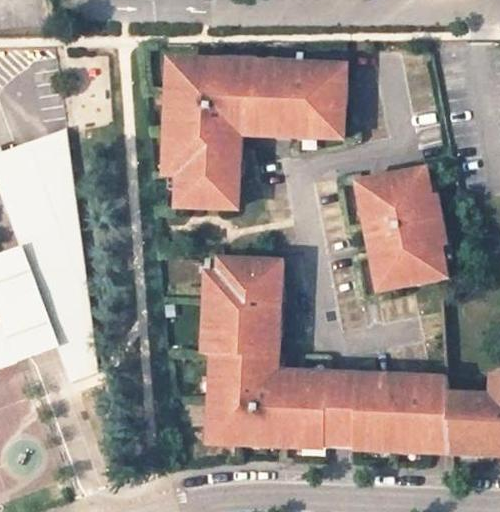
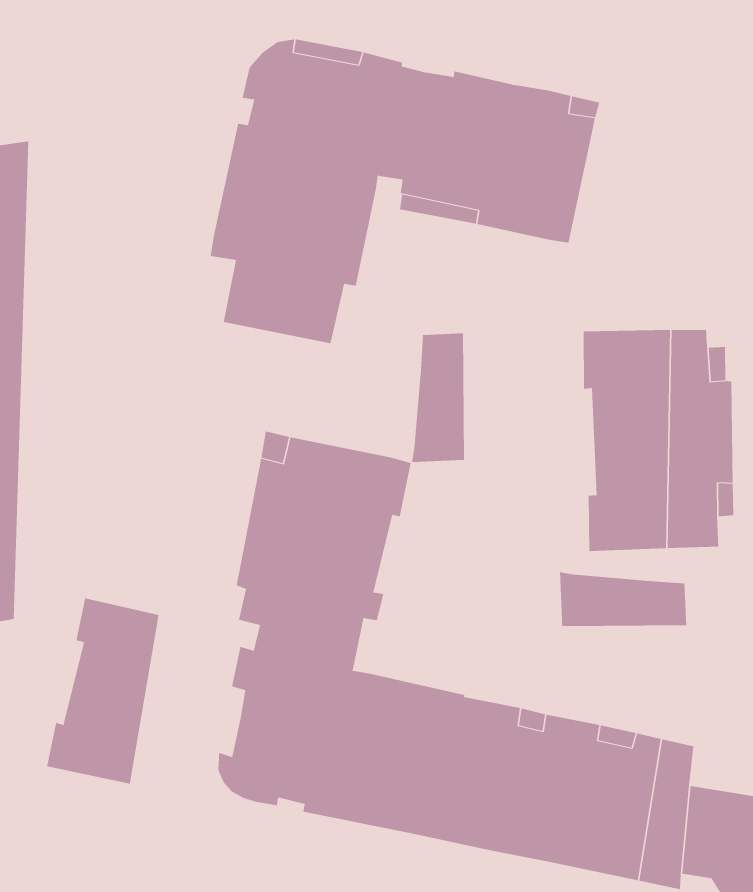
building: none -> [411,333,465,463]
building: none -> [559,571,687,627]
building: none -> [47,598,159,785]

